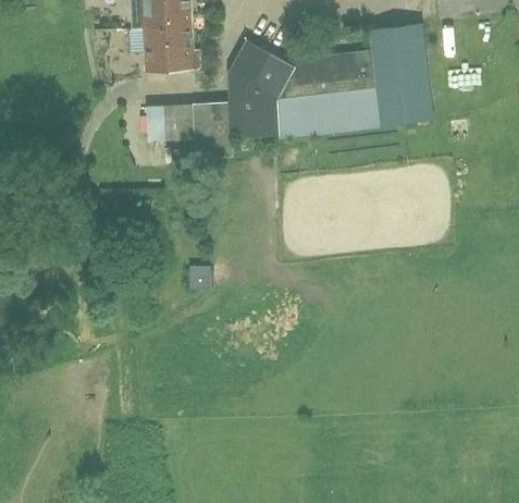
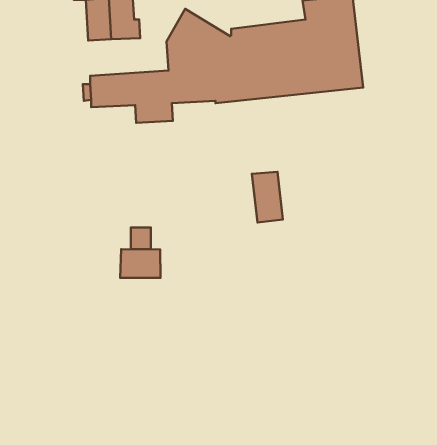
building: none -> [252,172,283,222]
building: none -> [120,249,160,278]

